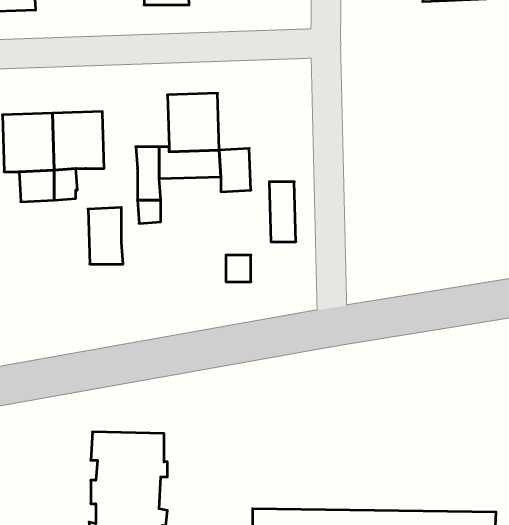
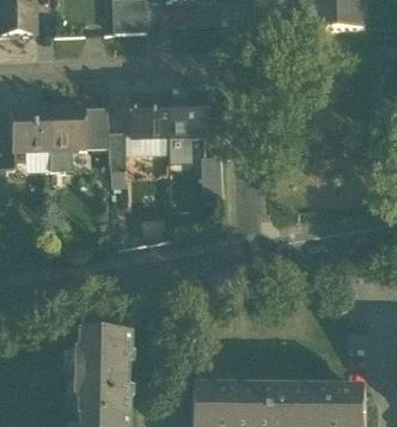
building: none -> [165,91,202,133]
building: [88,207,123,264] -> [83,105,108,146]

